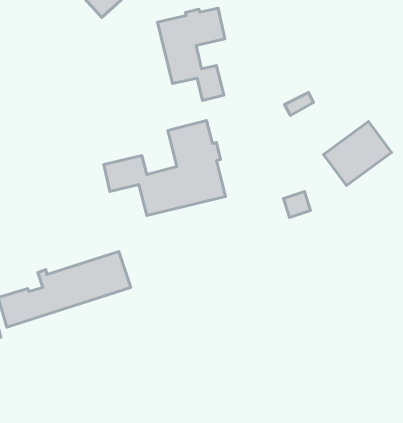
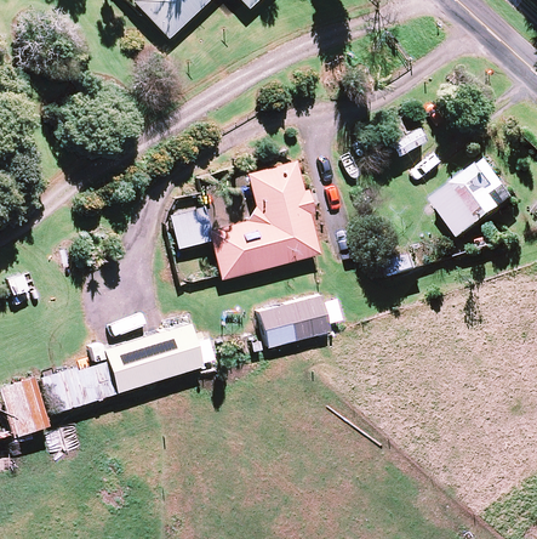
building: [158,8,225,101] -> none
building: none -> [259,295,330,345]

